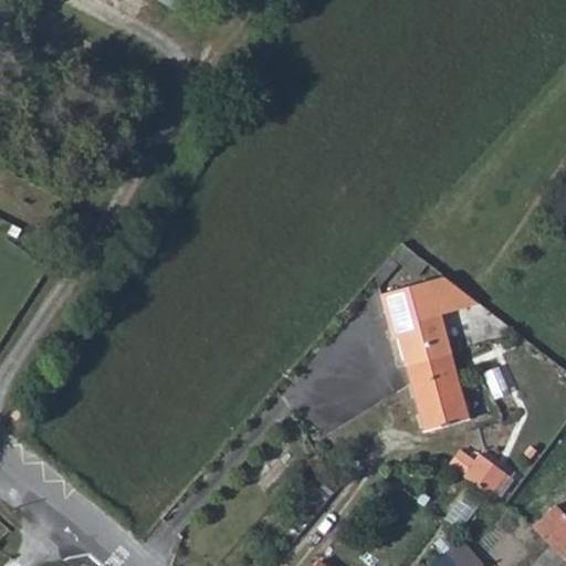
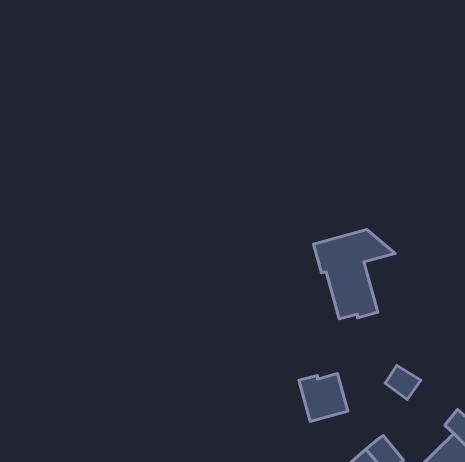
building: [413,385,472,442] -> [299,374,348,421]

